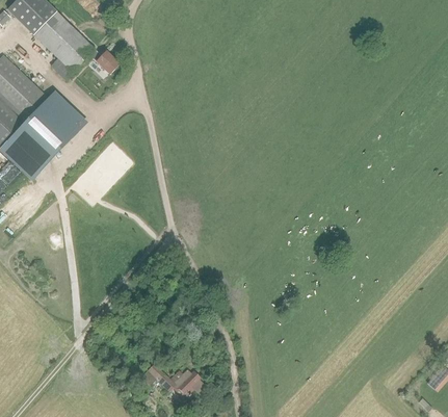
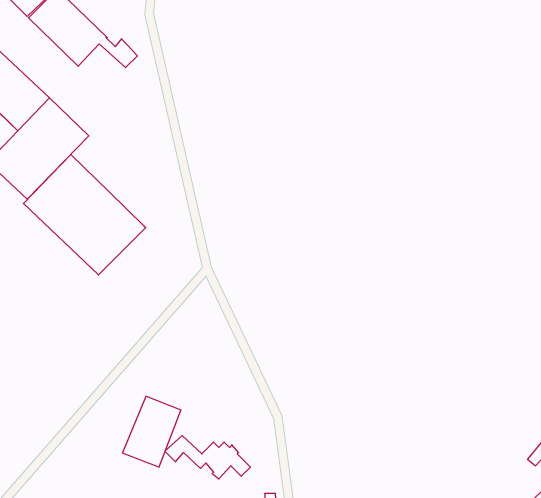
building: none -> [23,154,146,275]
building: none -> [123,396,181,467]

